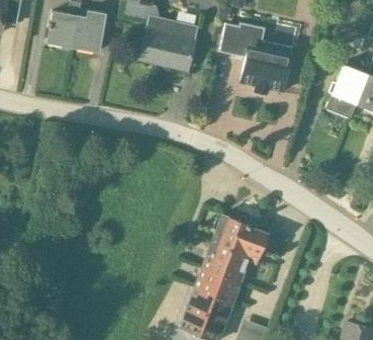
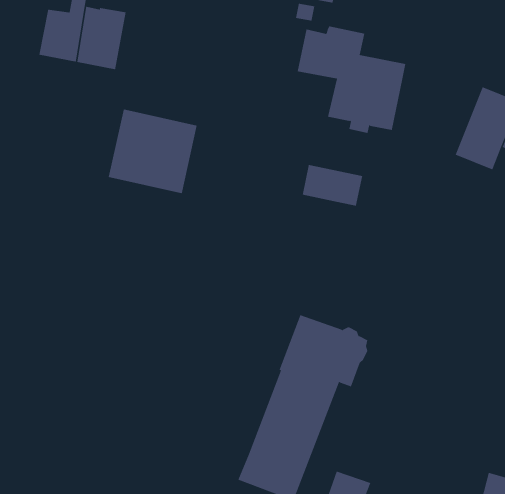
building: [138,15,198,72] -> [108,109,198,194]
building: none -> [302,164,363,207]

